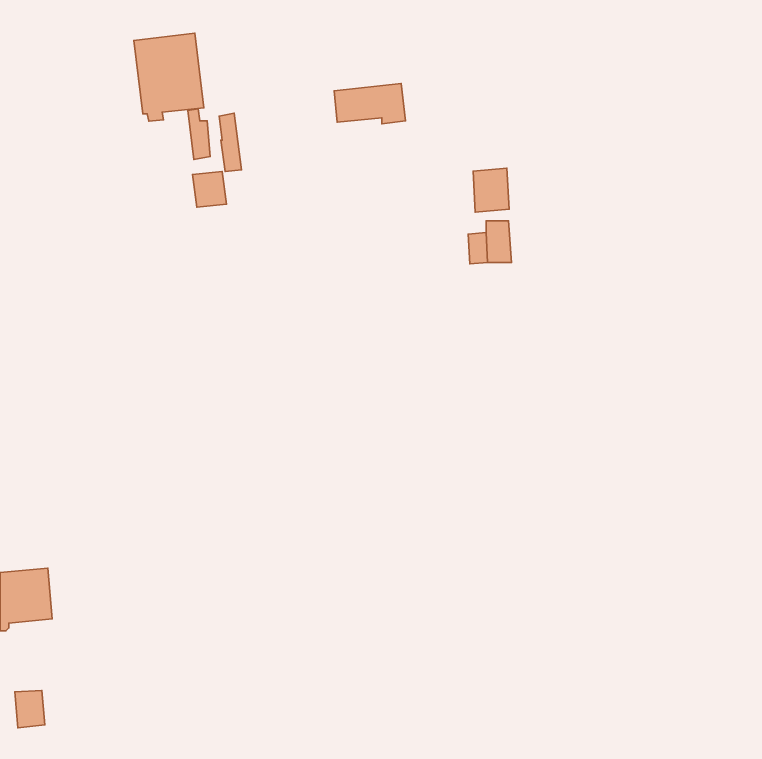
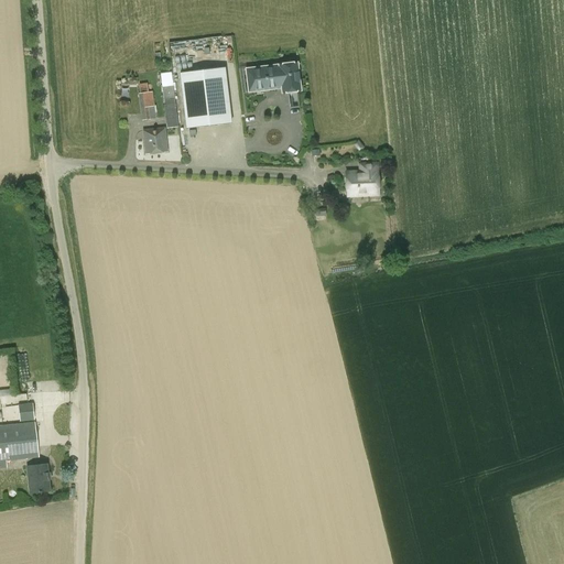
building: [134,33,204,121] -> [180,67,231,132]
building: [473,168,509,212] -> none
building: [15,690,45,728] -> [28,464,50,491]

